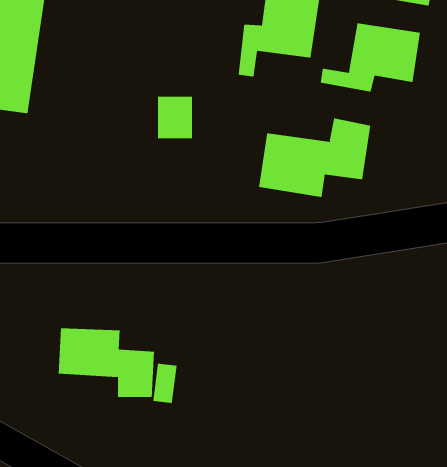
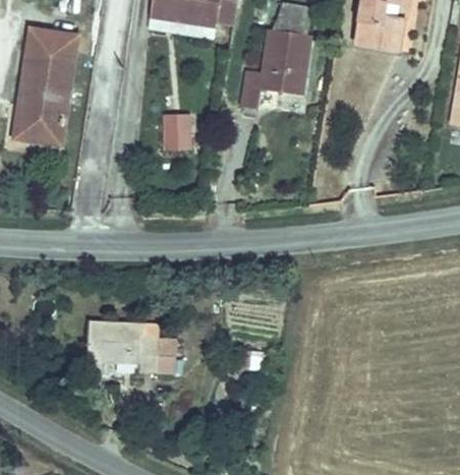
building: [320,23,420,92] -> none
building: [259,117,371,198] -> none

